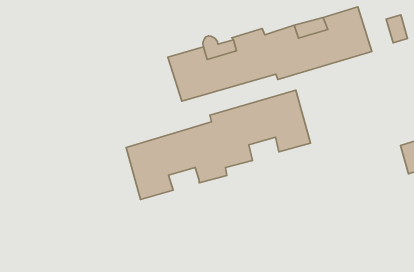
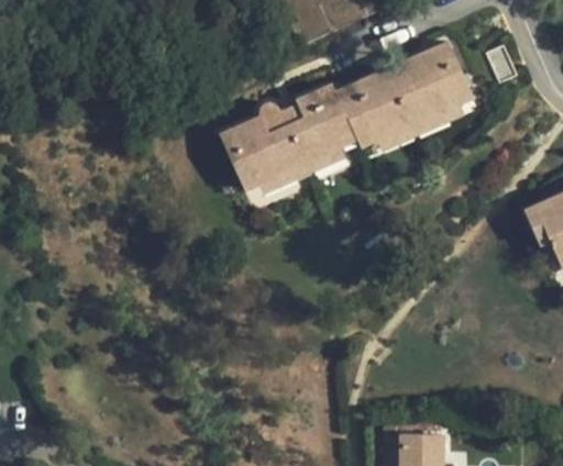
building: [126,90,311,199] -> none

